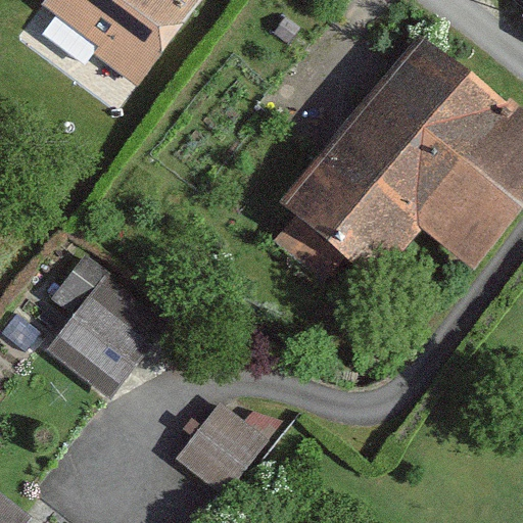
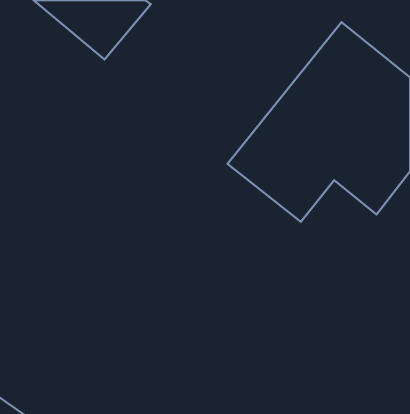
building: [45,260,158,389] -> none
building: [163,406,258,502] -> none

